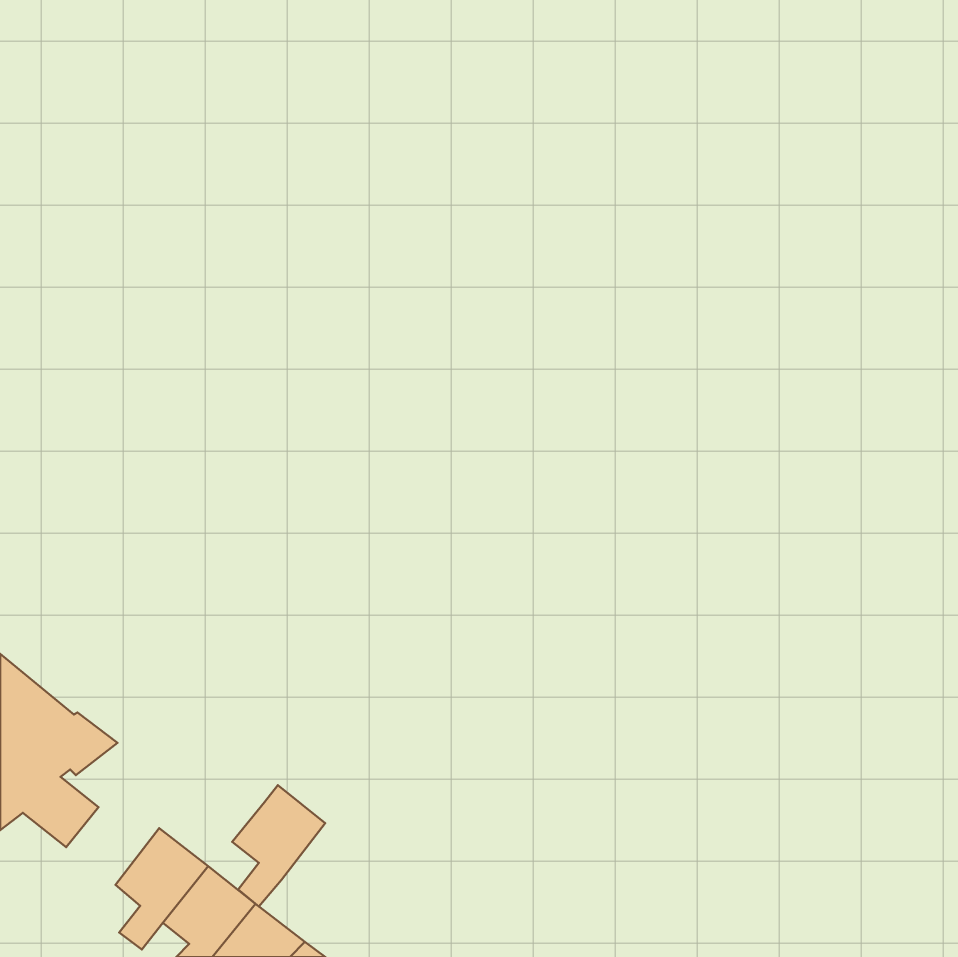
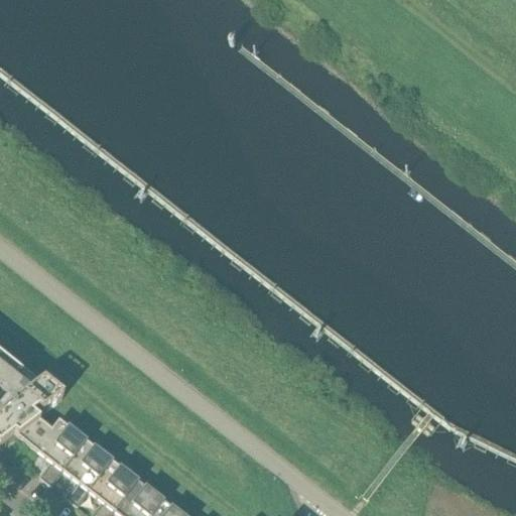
building: [232,785,325,906] -> [40,420,90,485]

